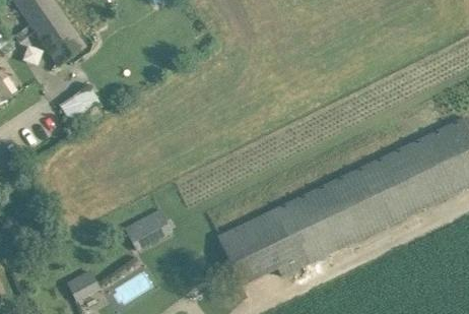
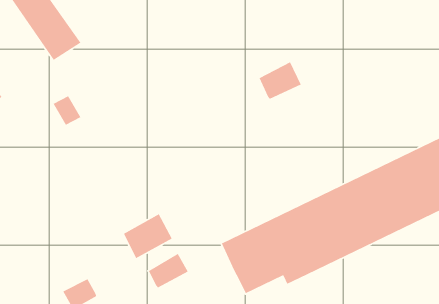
building: none -> [259,61,302,100]
building: none -> [148,253,189,288]

